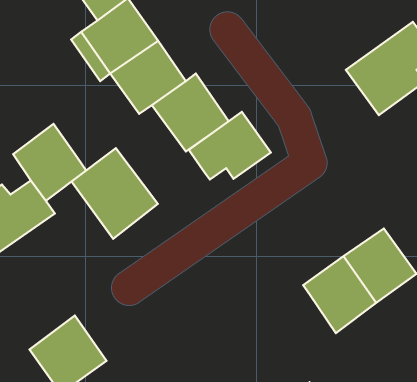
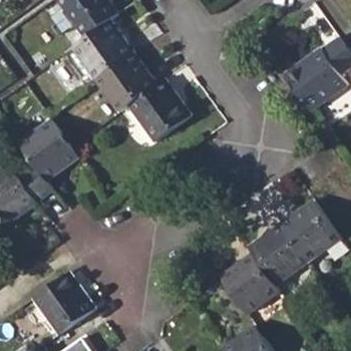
building: [189,112,271,179] -> none
building: [72,148,158,239] -> none
building: none -> [221,254,281,315]

